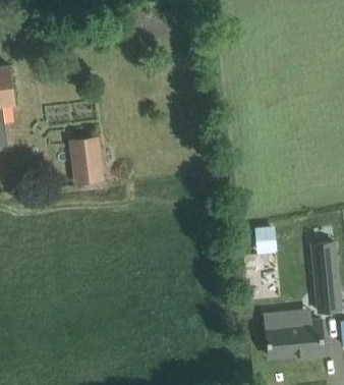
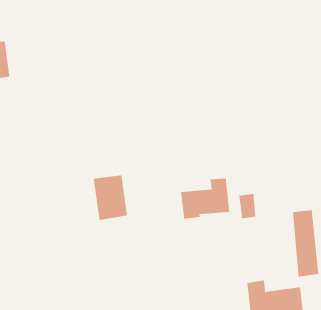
building: [68,136,105,184] -> [93,175,128,220]
building: none -> [181,178,230,220]

